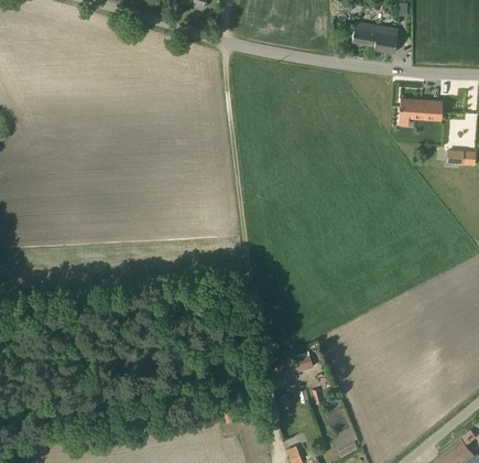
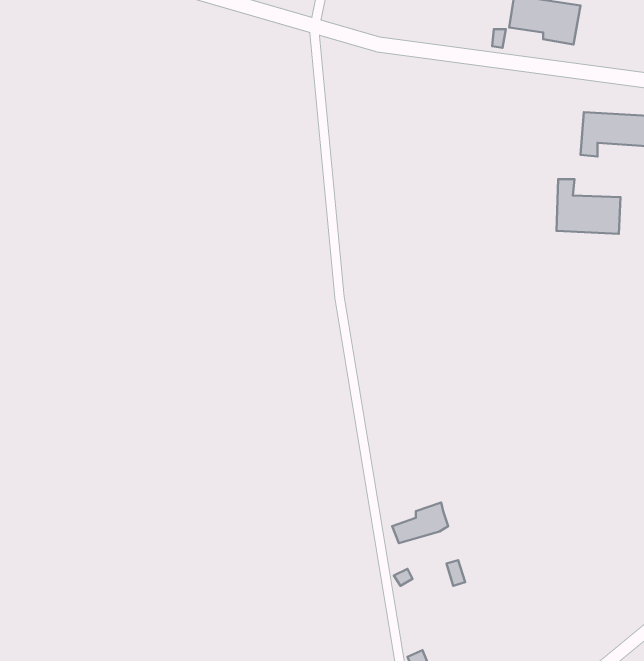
building: none -> [556,179,621,234]

